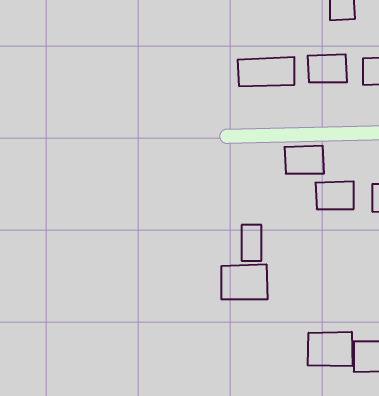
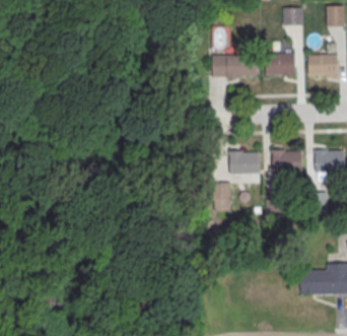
building: [284,146,324,174] -> [229,152,260,174]
building: [221,264,268,299] -> none
building: [308,332,352,366] -> none

